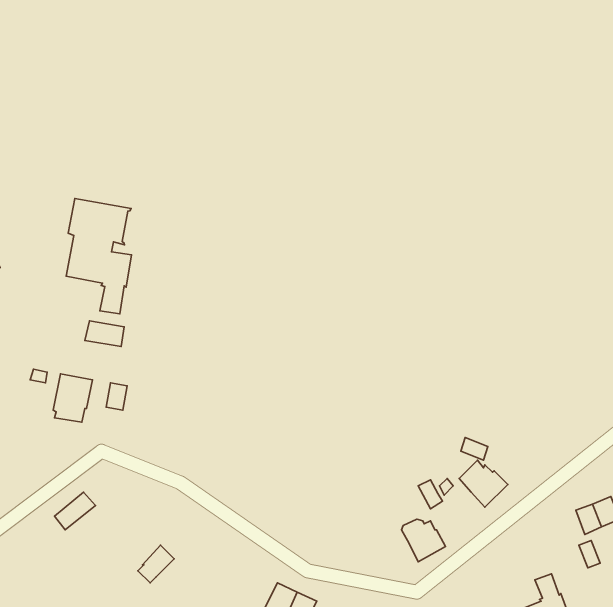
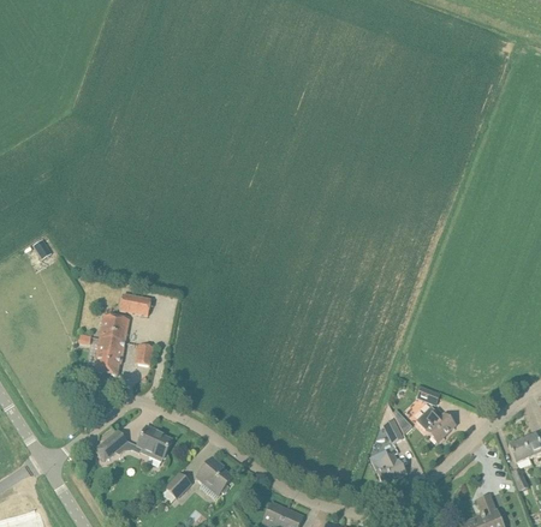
building: [66,198,131,314] -> none
building: none -> [100,313,129,341]
building: none -> [137,425,172,460]
building: none -> [196,456,232,493]

